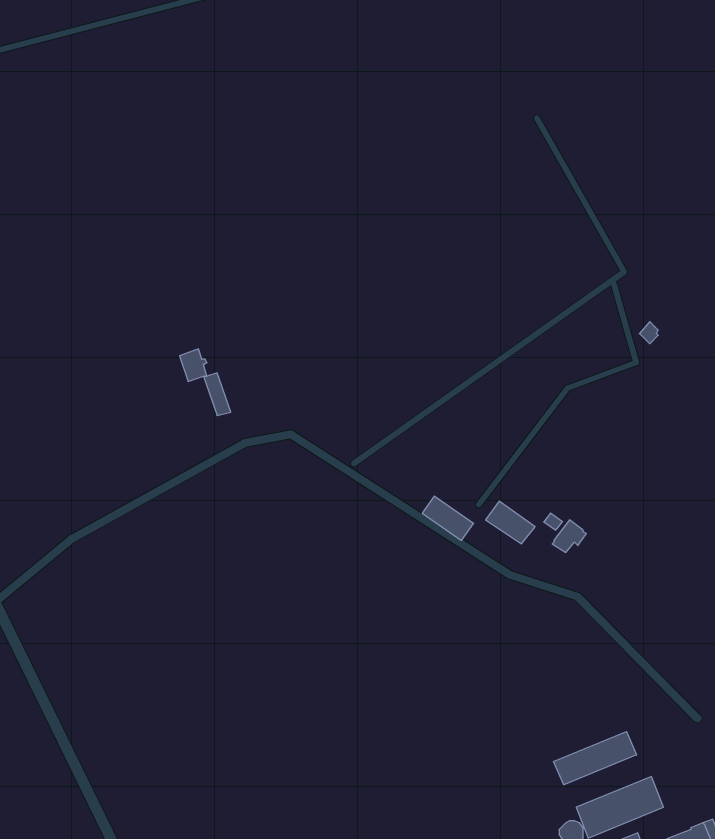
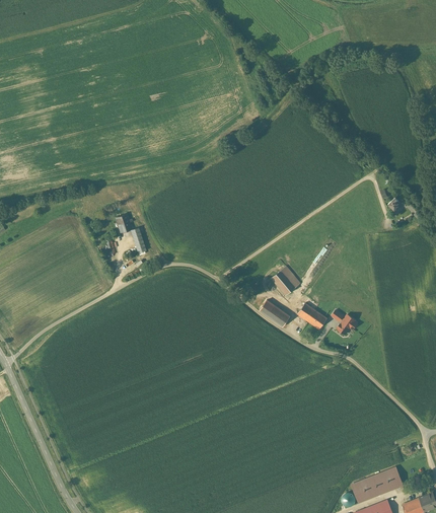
building: none -> [270,266,299,295]
building: [554,732,637,785] -> none

